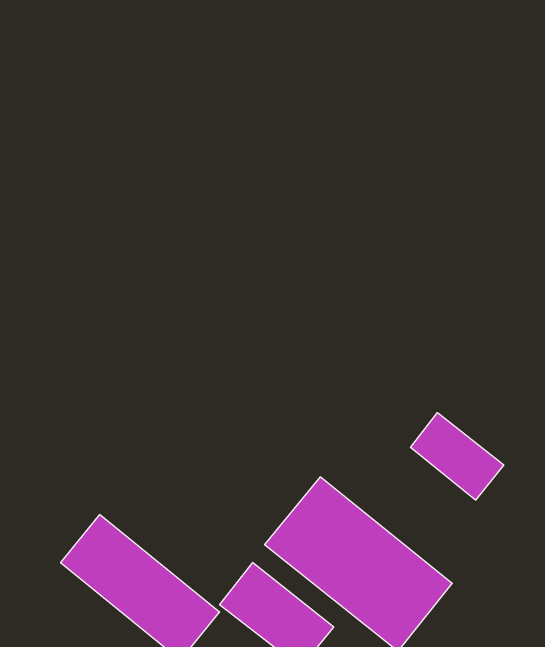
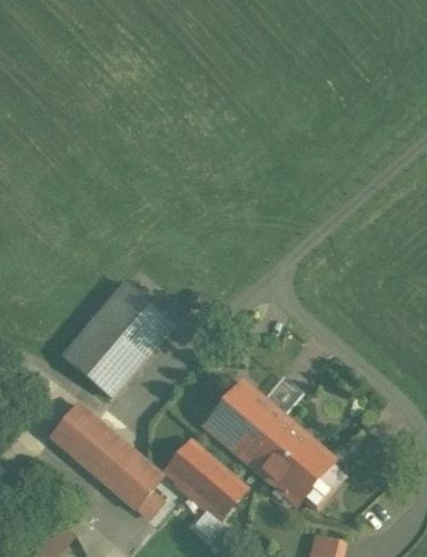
building: none -> [61,285,170,396]
building: [411,413,504,500] -> none

